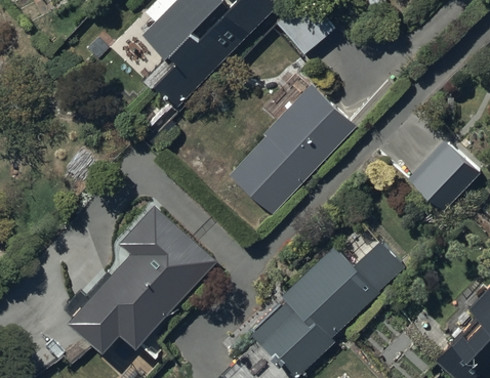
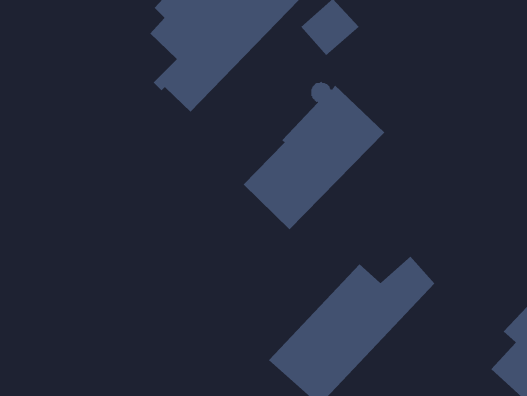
building: [407,140,483,216] -> none
building: [69,203,218,350] -> none

